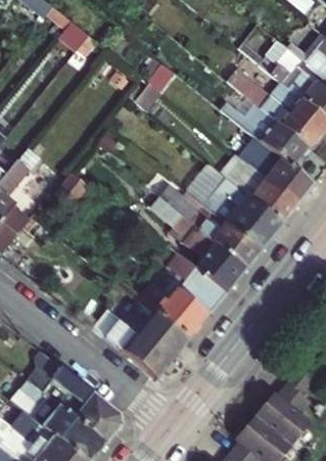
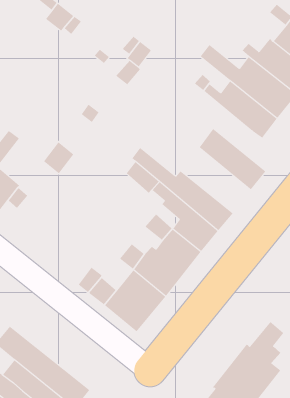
building: [238,38,301,73] -> none
building: [239,146,313,203] -> none
building: [188,164,281,249] -> none
building: [17,349,119,443] -> none

